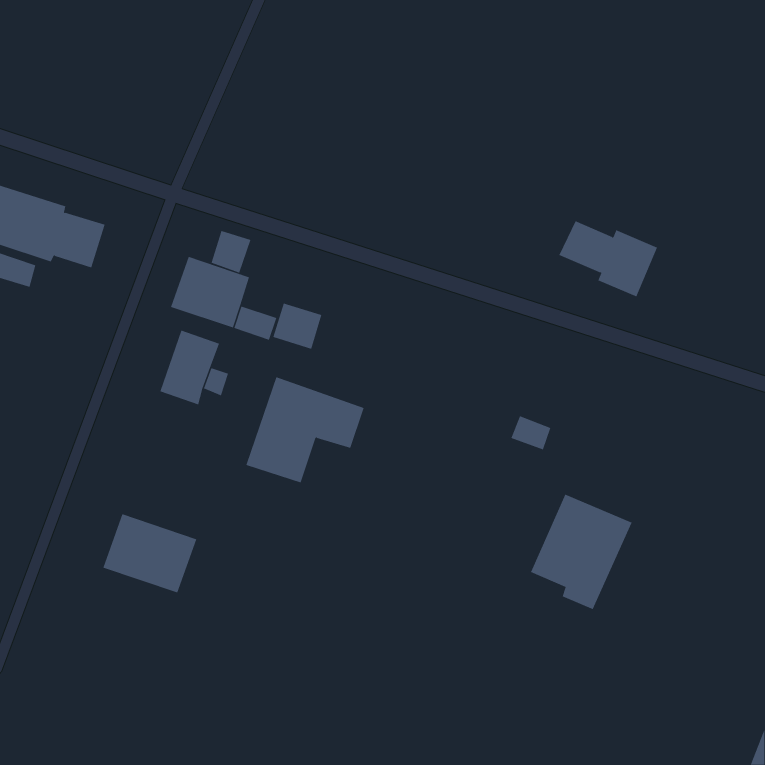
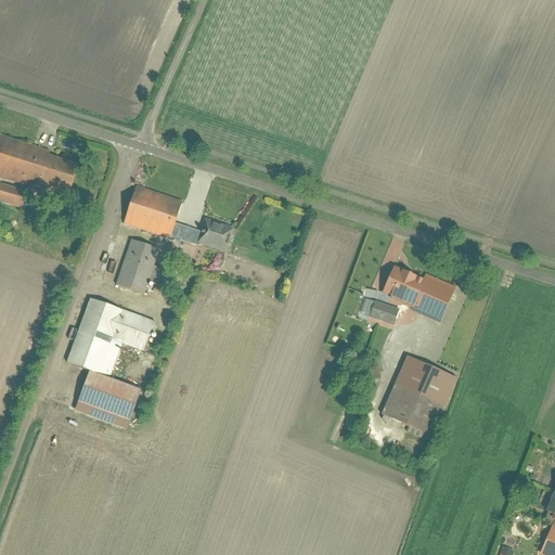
building: [558,220,658,297] -> [382,267,453,322]
building: [211,230,251,274] -> none
building: [246,376,365,483] -> [67,297,153,374]

